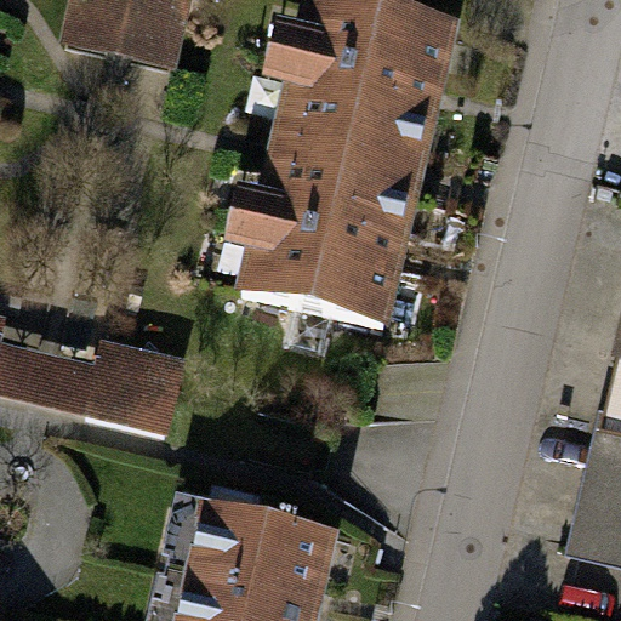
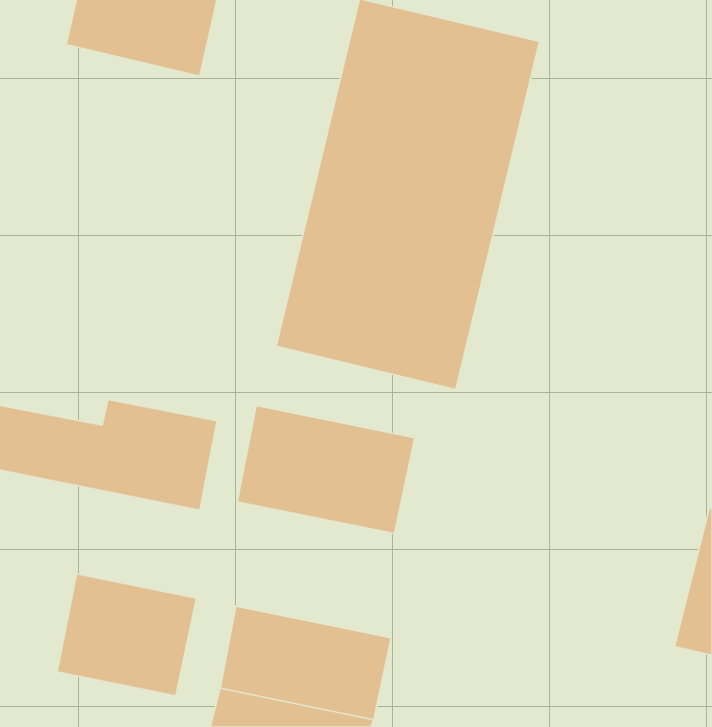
building: none -> [237,406,415,533]
building: none -> [57,574,196,696]

